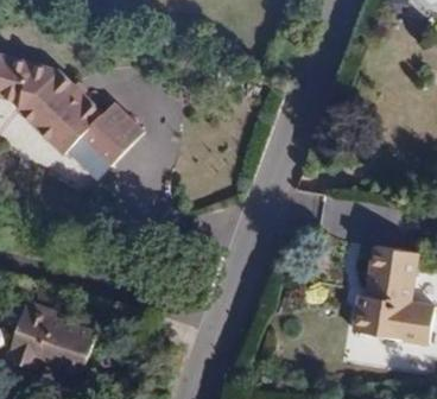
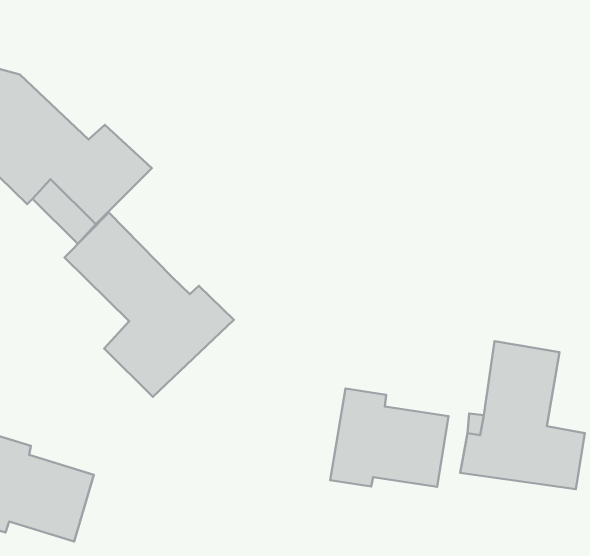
building: none -> [64,212,234,397]
building: none -> [330,389,448,487]

